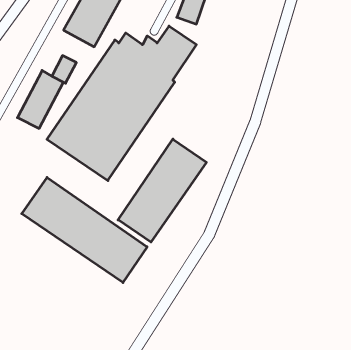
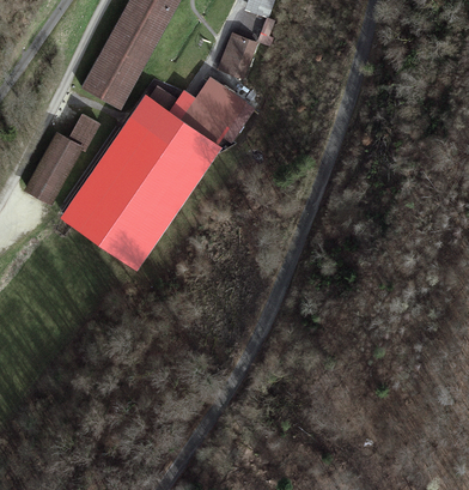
building: [118,139,206,242] -> none
building: [22,177,147,283] -> none

